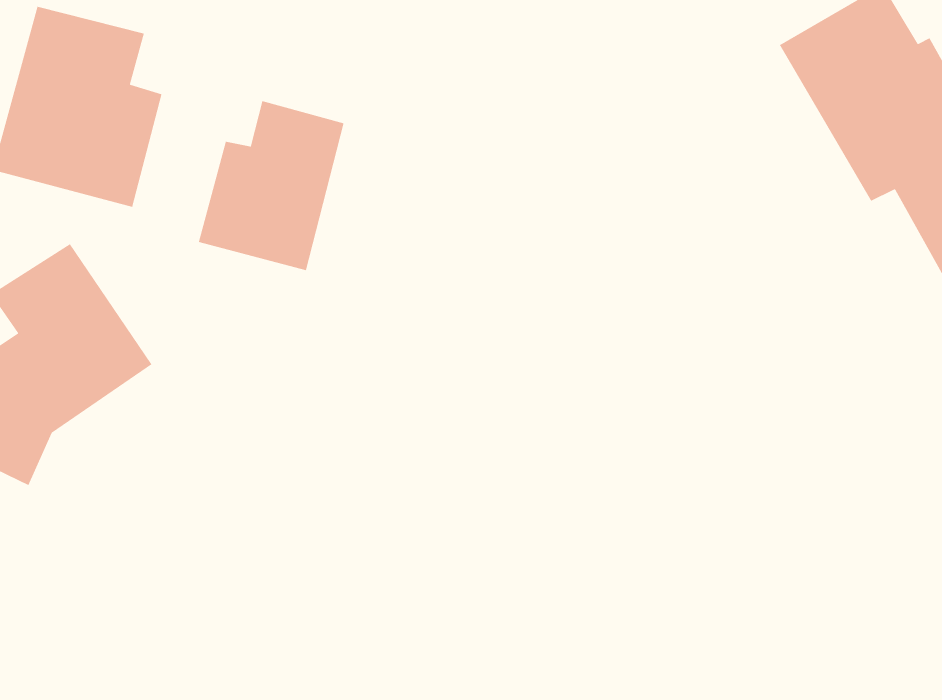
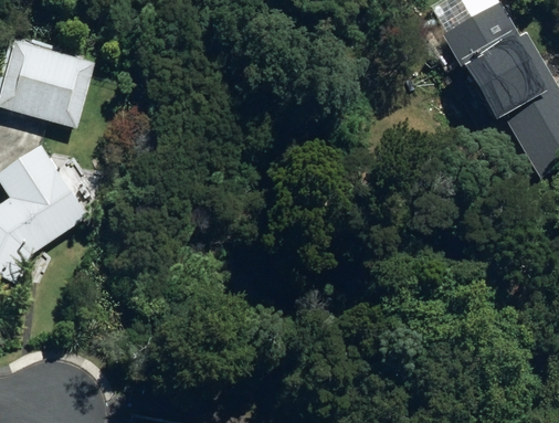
building: [198,100,345,271] -> none

